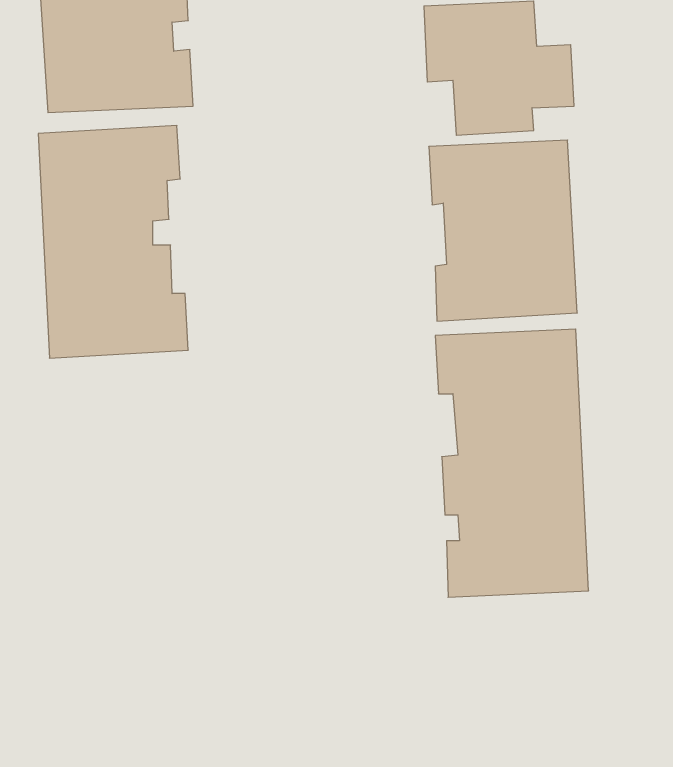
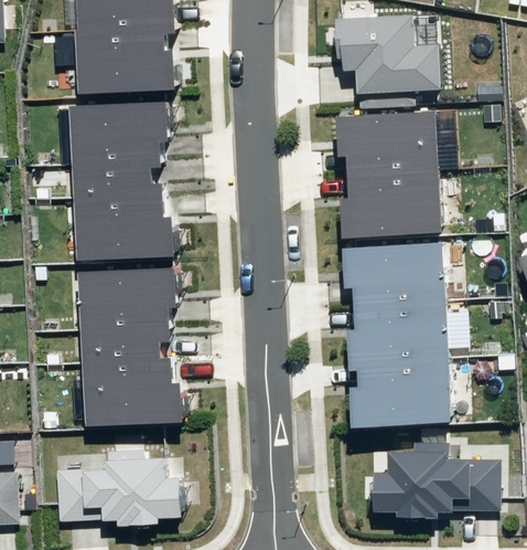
building: none -> [80,266,183,424]
building: none -> [375,448,497,516]
building: none -> [55,452,182,523]

